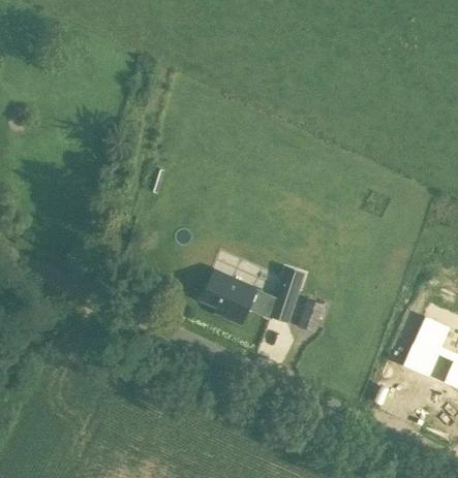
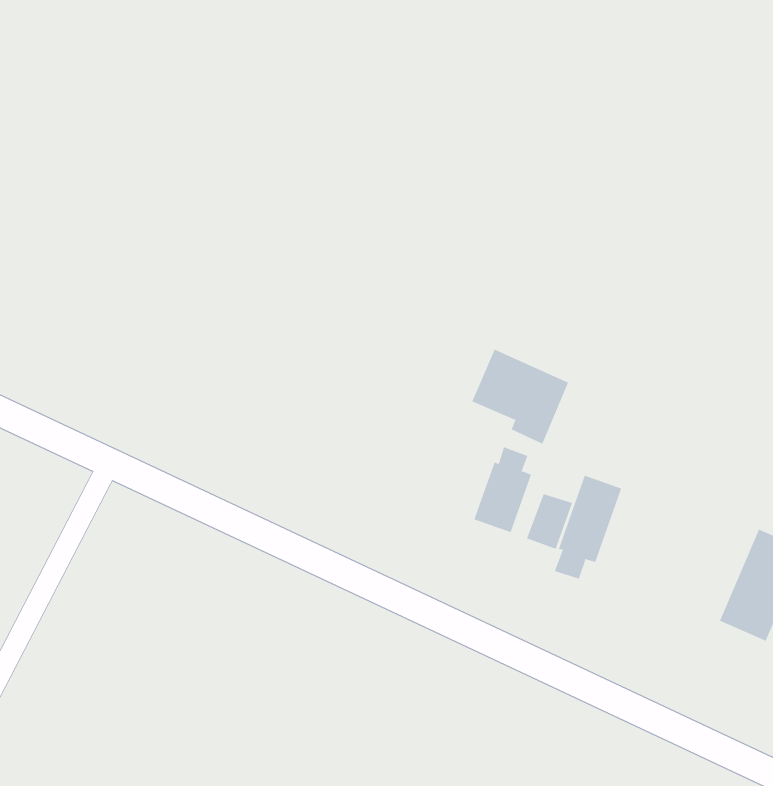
building: [202,266,255,319] -> [472,349,569,444]
building: none -> [554,475,622,579]

